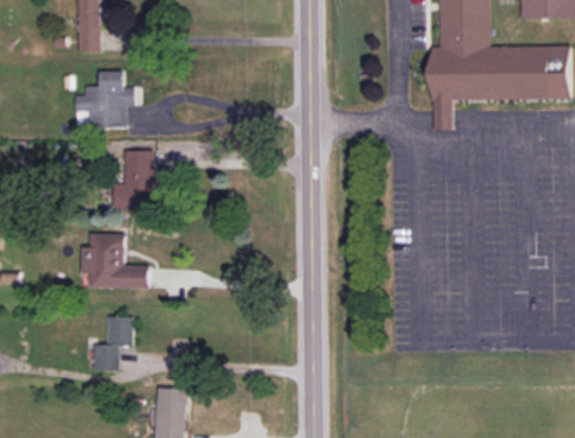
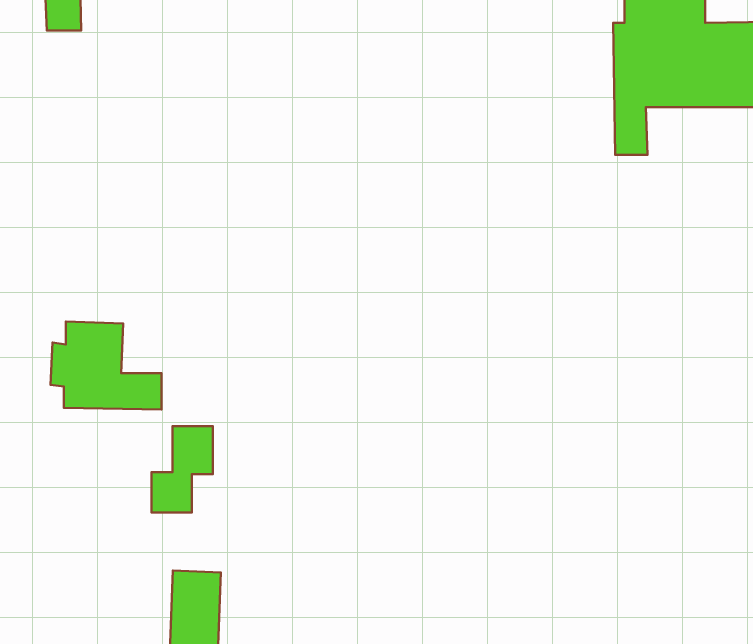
building: [74,70,134,127] -> none
building: [112,150,156,208] -> none
building: [93,316,131,370] -> [152,426,213,512]

